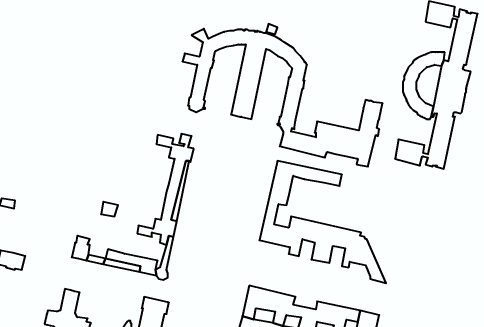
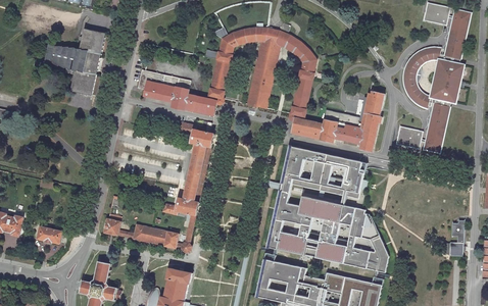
building: none -> [46,28,105,94]
building: none -> [137,70,215,115]
building: none -> [297,158,362,199]
building: none -> [266,217,387,272]
building: none -> [443,220,463,256]

